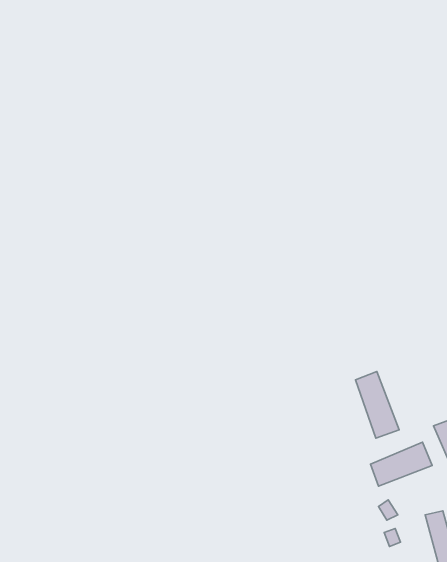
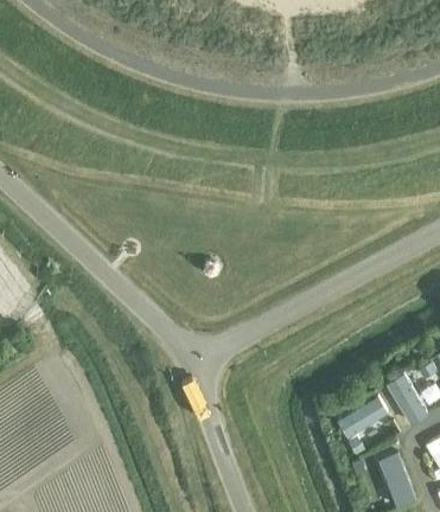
building: [355,372,399,438] -> none

